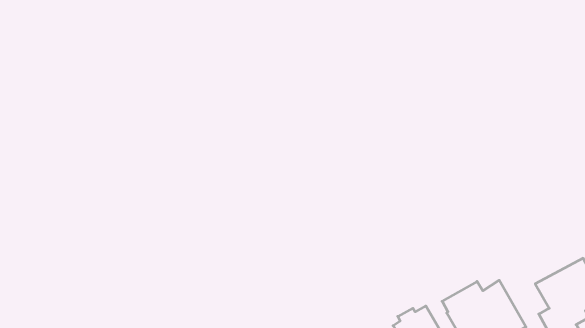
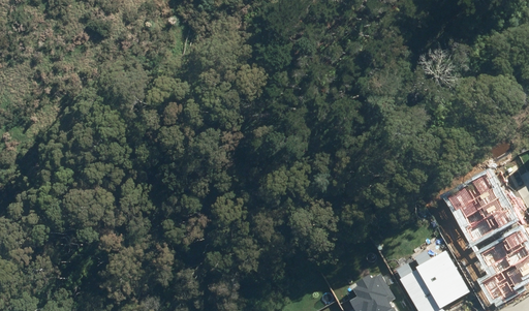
building: none -> [448,175,511,241]

